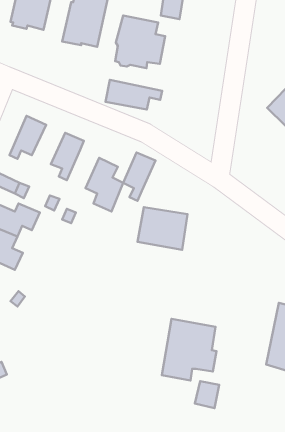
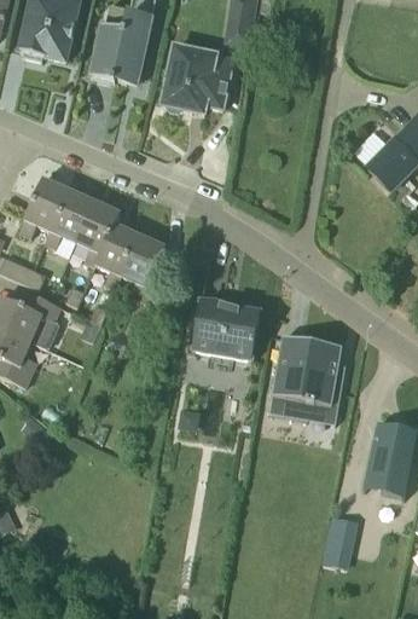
building: [106,80,162,109] -> none
building: none -> [45,189,94,247]
building: [123,152,155,201] -> [97,222,140,288]
building: [162,319,216,381] -> [269,334,343,417]
building: [195,381,219,408] -> [320,531,353,567]

